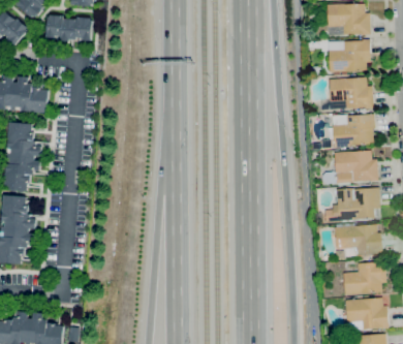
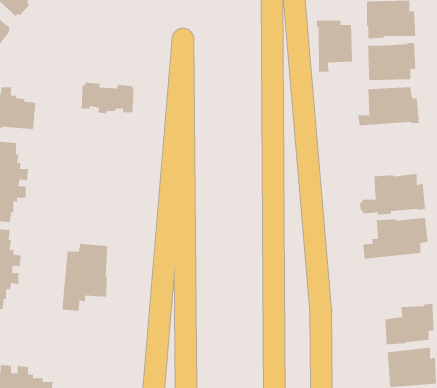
building: [46,15,92,42] -> [81,82,134,114]
building: none -> [316,20,353,73]
building: [332,115,375,148] -> none
building: none -> [62,243,108,311]
building: [335,224,382,257] -> none

